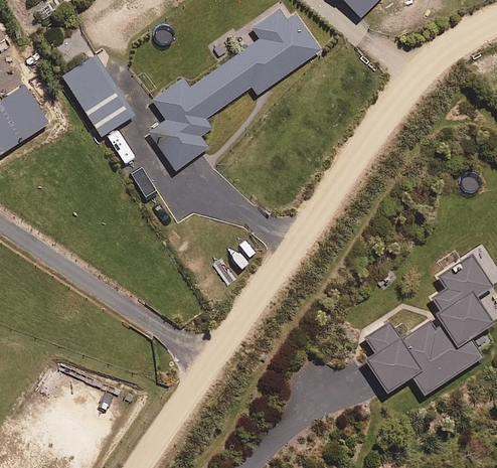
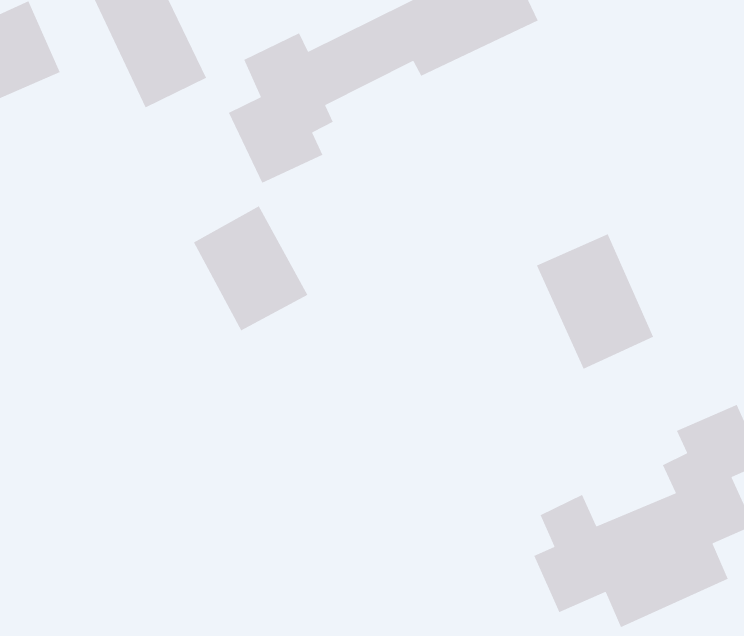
building: none -> [536,233,654,370]
building: none -> [193,205,308,332]

